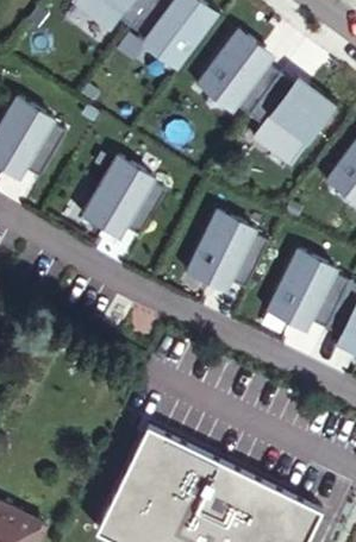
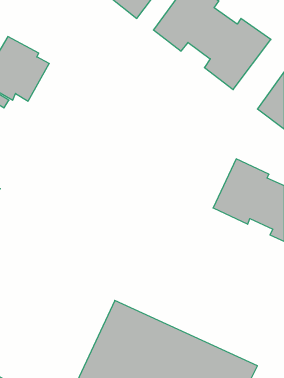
building: [82,156,165,234] -> none
building: [187,209,269,289] -> none

